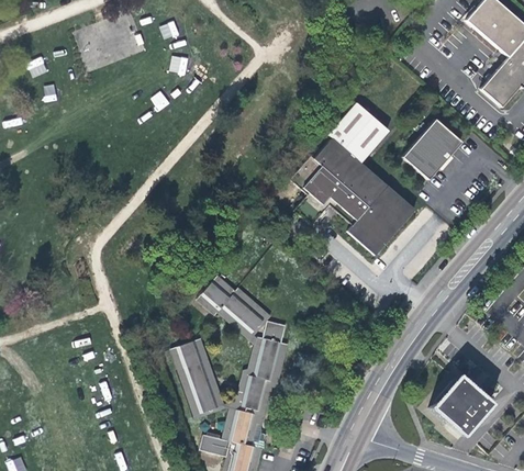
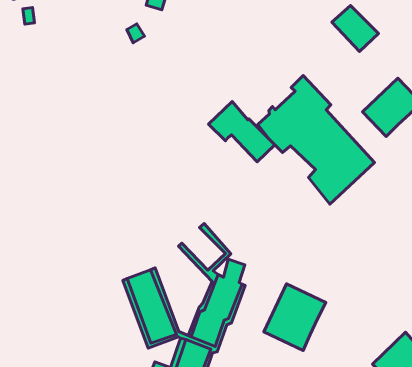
building: [335,108,383,154] -> [332,5,378,51]
building: [202,273,271,333] -> [209,101,275,162]
building: none -> [264,284,326,350]

